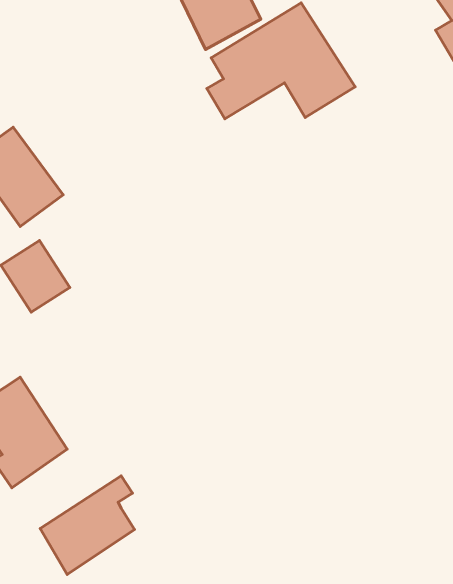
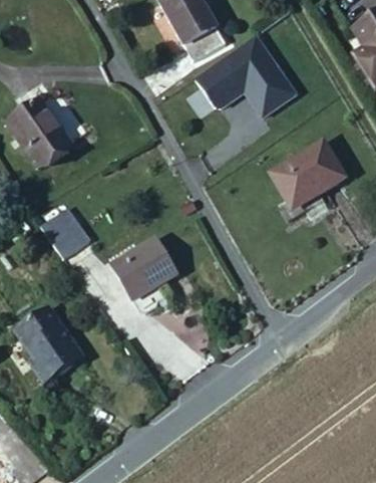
building: none -> [272,146,346,212]
building: none -> [113,240,179,303]
building: [40,476,134,575] -> none

